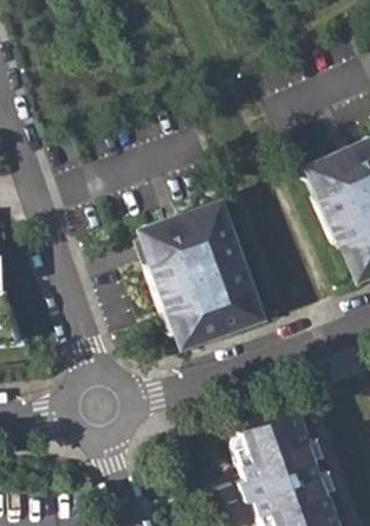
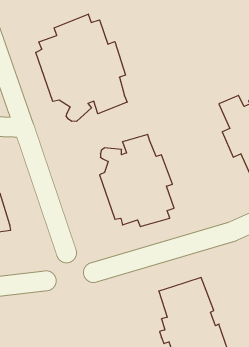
building: none -> [36,14,127,121]

